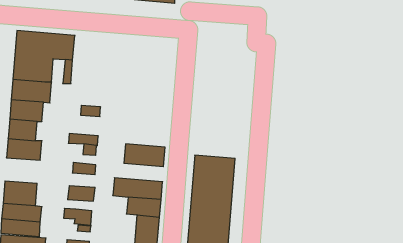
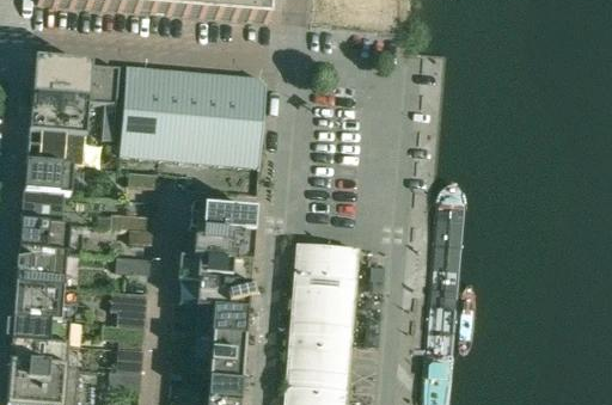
building: none -> [121,68,265,167]
building: none -> [189,204,256,233]
building: none -> [16,248,68,287]
building: none -> [178,256,251,284]

